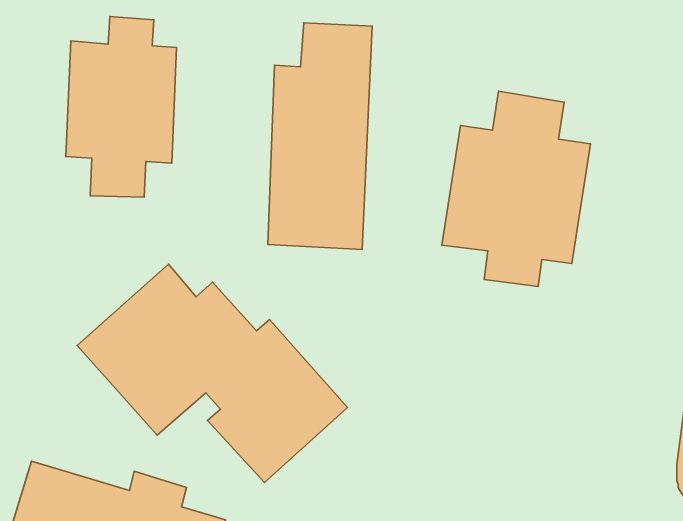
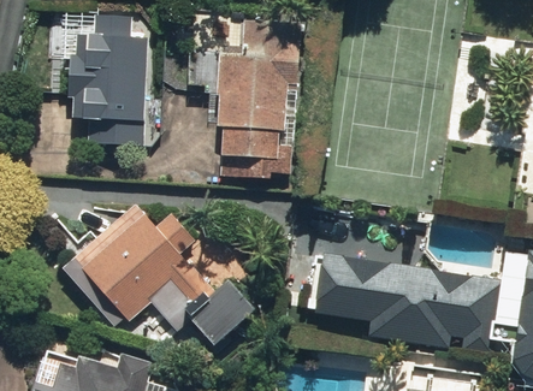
building: [442,91,591,286] -> none
building: none -> [318,251,497,348]

